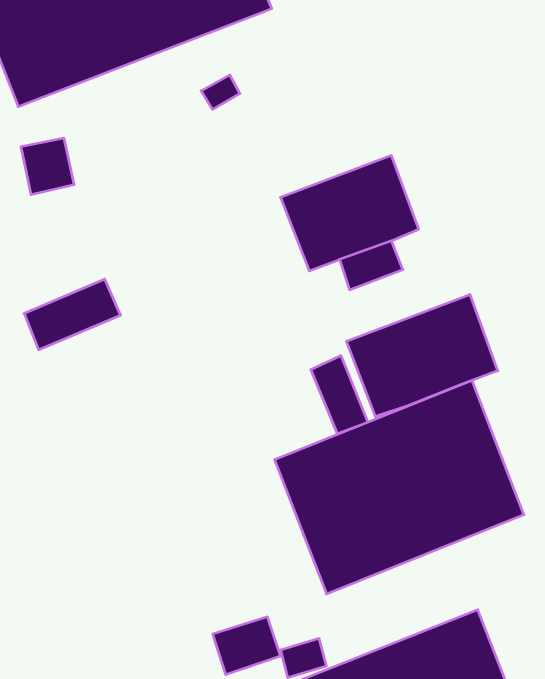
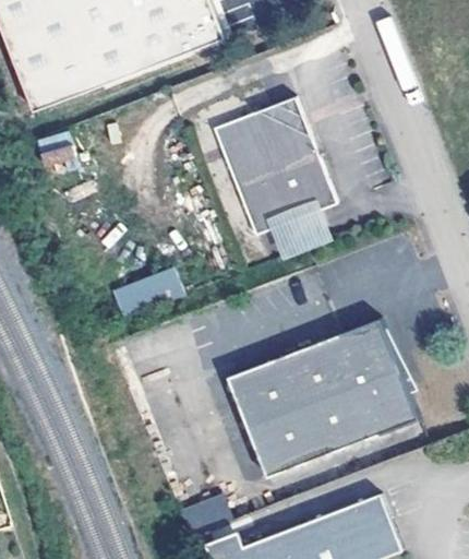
building: none -> [212,93,316,178]
building: [24,279,121,350] -> [111,266,184,320]
building: [347,294,498,417] -> none
building: [311,356,368,434] -> none

